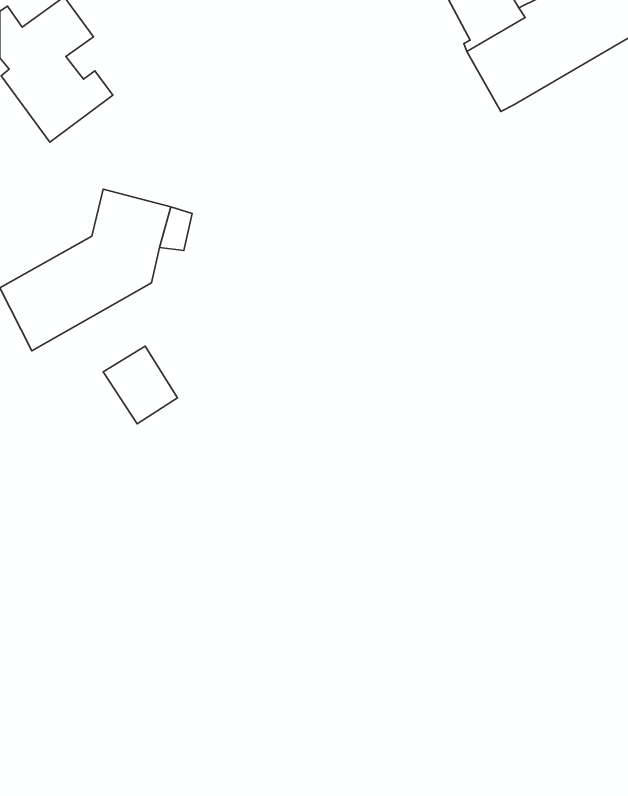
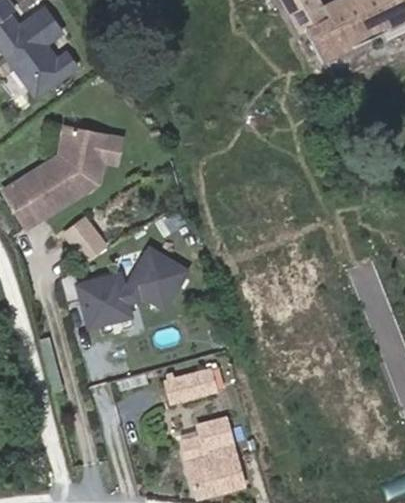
building: none -> [60,245,186,324]
building: none -> [167,367,220,402]
building: none -> [185,400,243,493]

